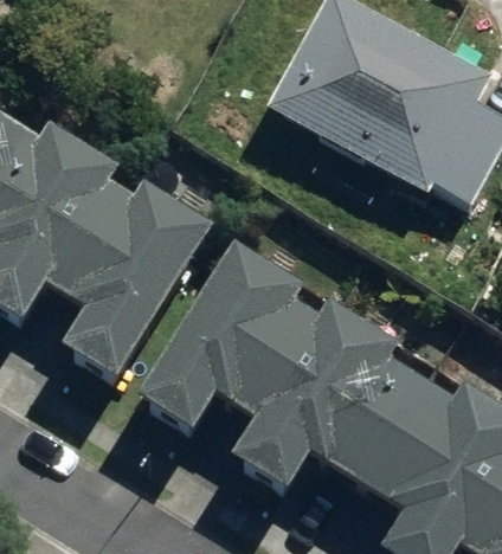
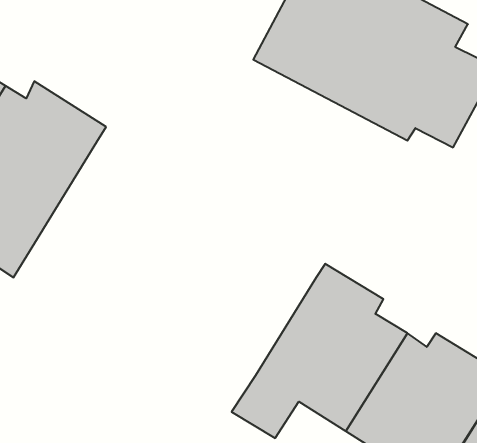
building: [43,197,210,397] -> none
building: [146,264,332,451] -> none

